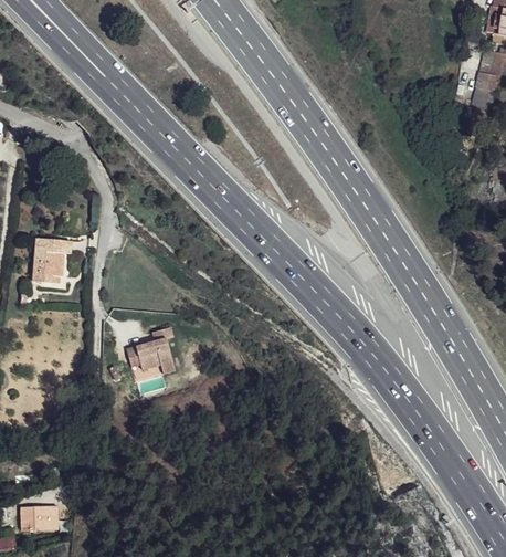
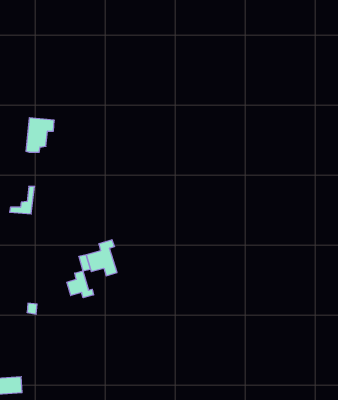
building: [31,239,68,284] -> [26,118,54,152]
building: none -> [67,271,94,298]

